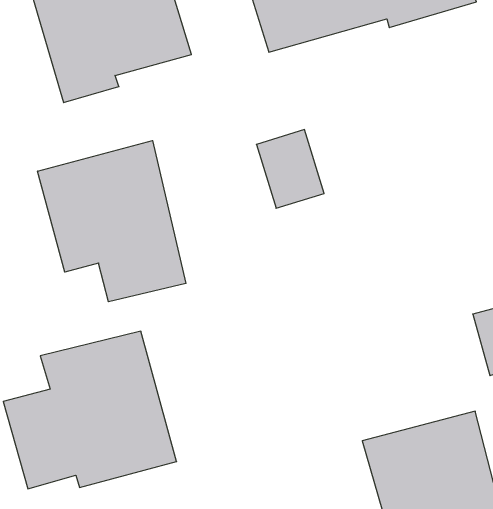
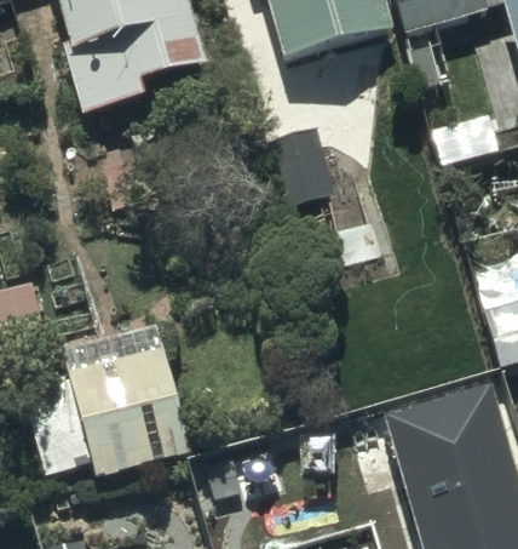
building: [38,141,186,302] -> none

